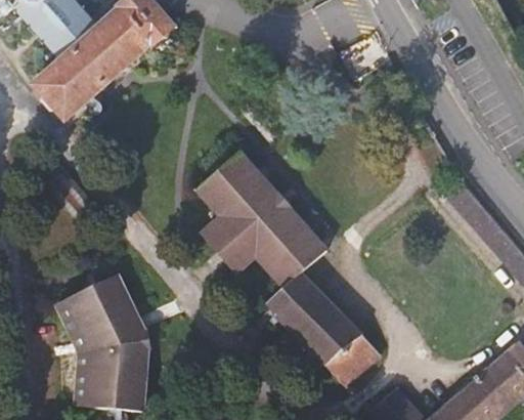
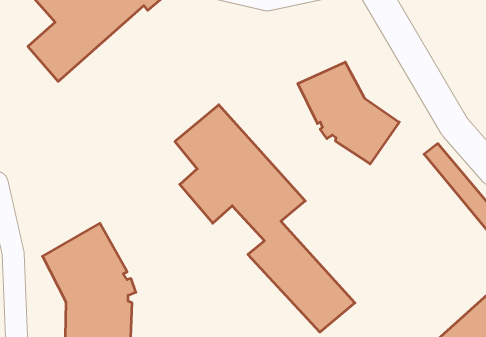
building: none -> [298,62,399,164]

